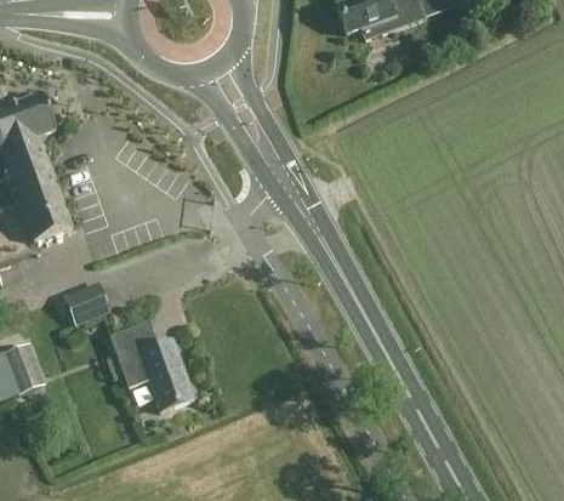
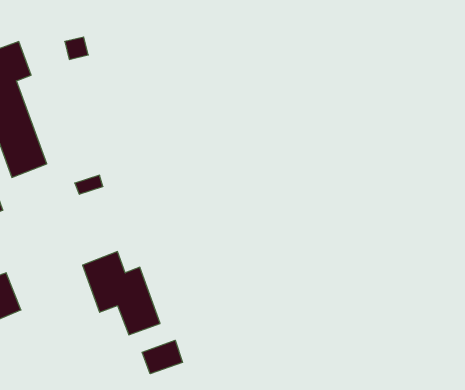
building: [62,284,108,325] -> none
building: none -> [142,340,183,374]

